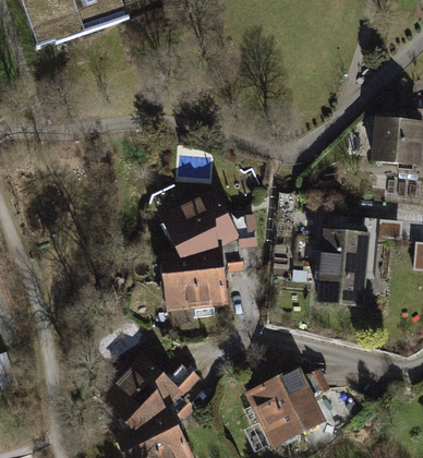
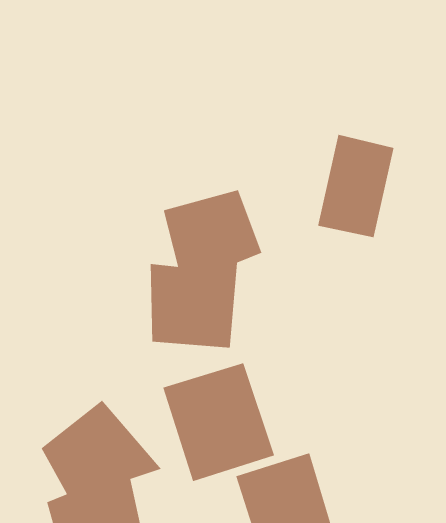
building: [316,227,362,297] -> [317,134,394,238]
building: none -> [162,362,275,482]

